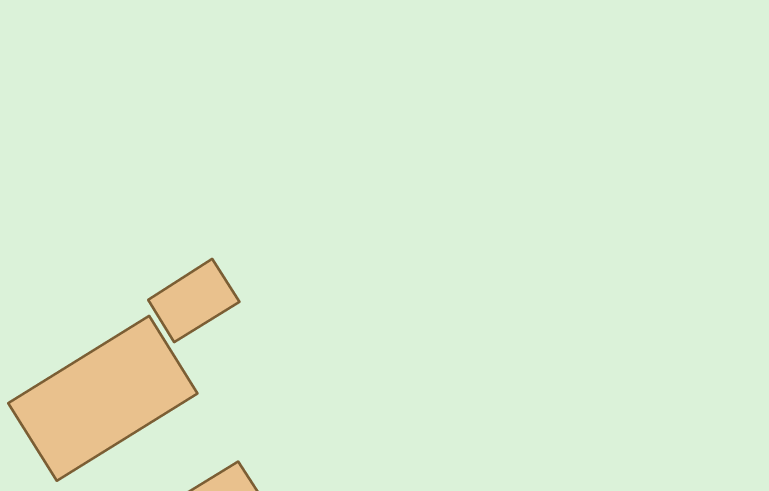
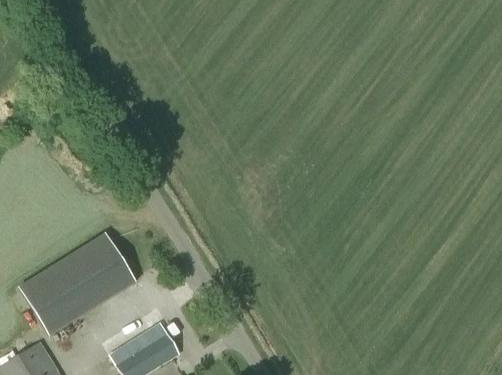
building: [148,259,239,342] -> none

